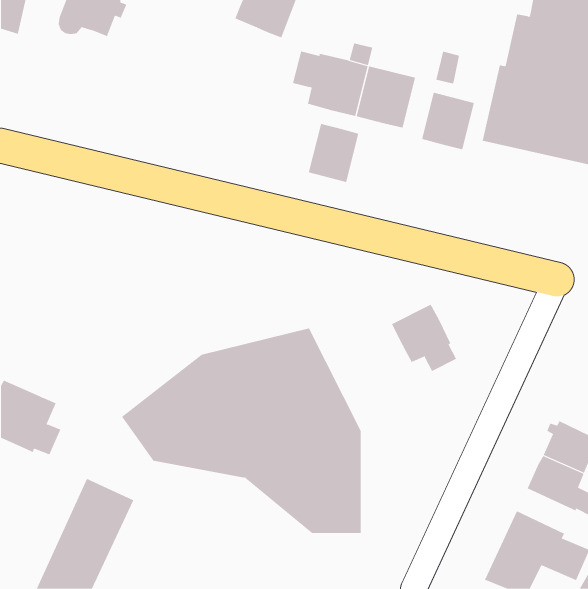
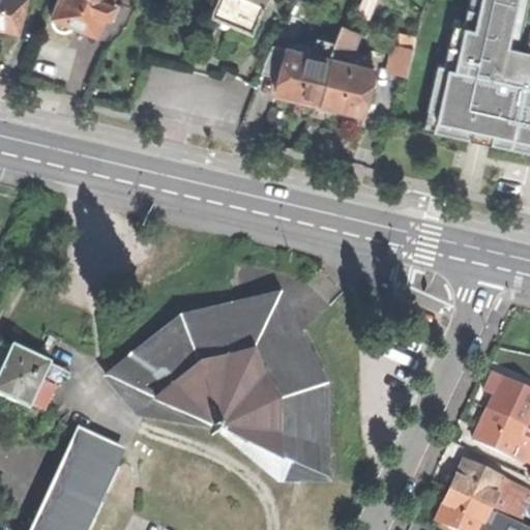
building: [422,92,474,150] -> none
building: [308,123,359,183] -> none
building: [391,304,457,372] -> none

